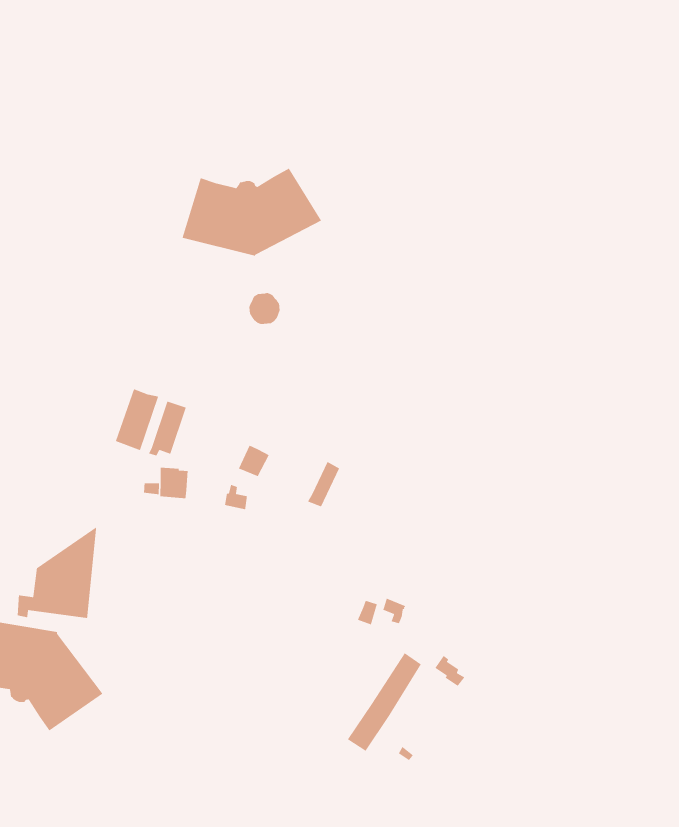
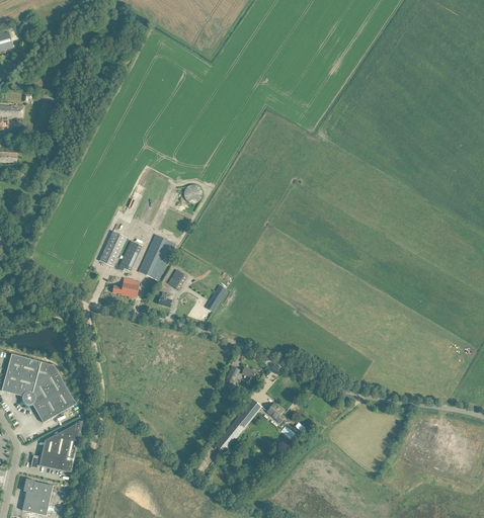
building: [182,167,322,256] -> none
building: none -> [138,234,175,281]
building: [17,526,97,619] -> [30,420,82,472]

